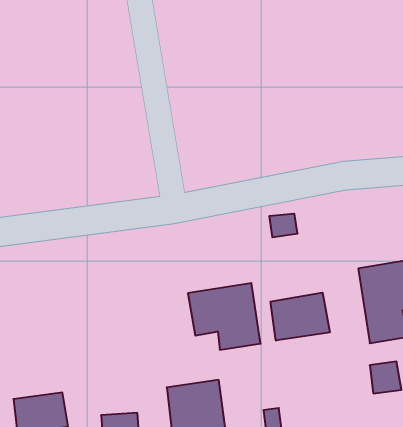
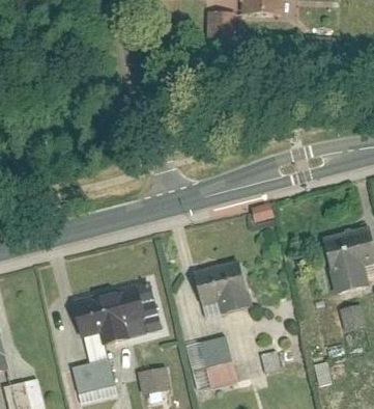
building: [271,293,330,341] -> none
building: none -> [73,283,163,347]

